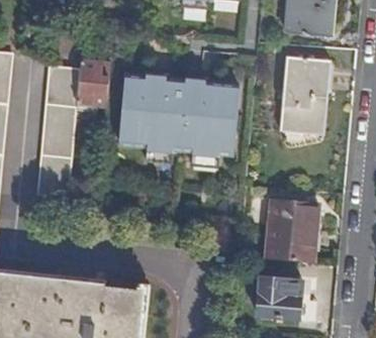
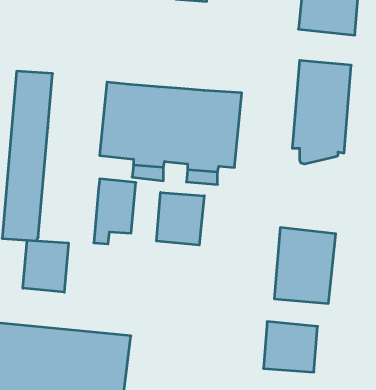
building: [76,61,111,115] -> [94,179,136,244]
building: none -> [157,192,204,245]
building: none -> [23,240,68,292]

